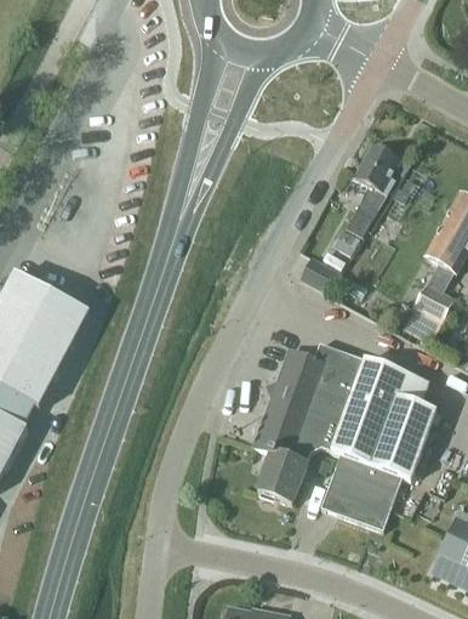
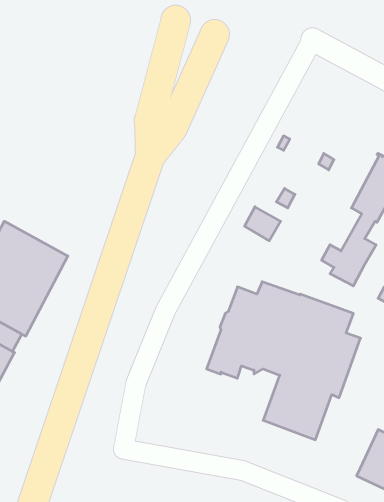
building: [346,142,399,235] -> none
building: [256,442,309,502] -> none

